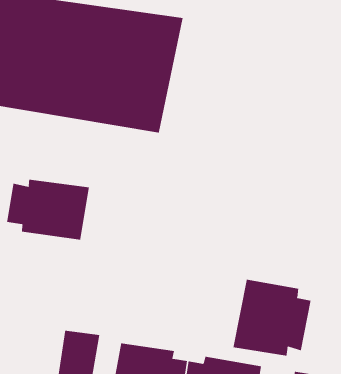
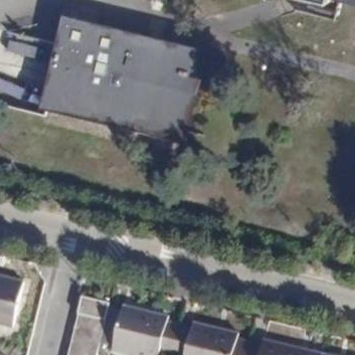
building: [6,179,90,241] -> none
building: [233,279,311,357] -> none

